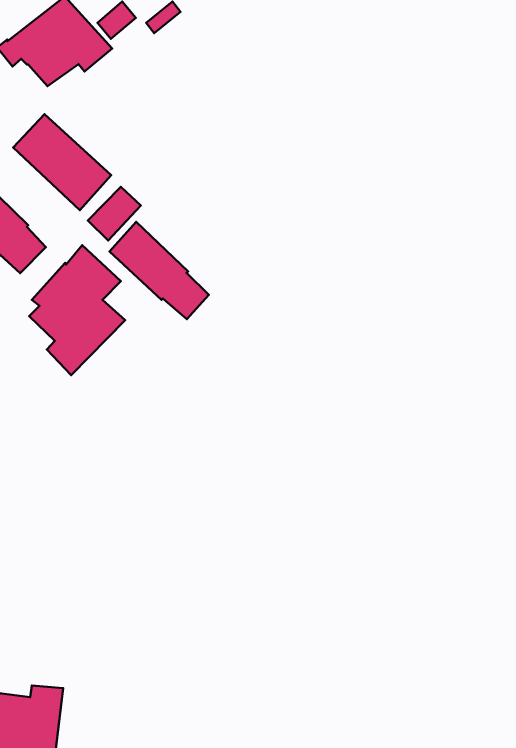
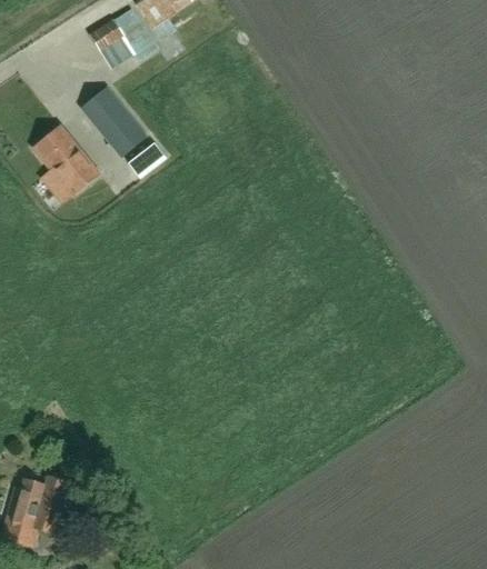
building: [110,222,209,319] -> none
building: [29,245,125,375] -> none

